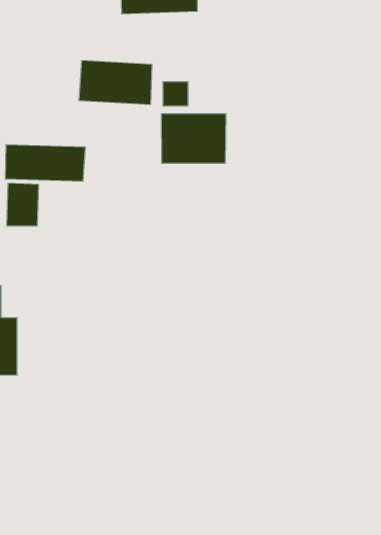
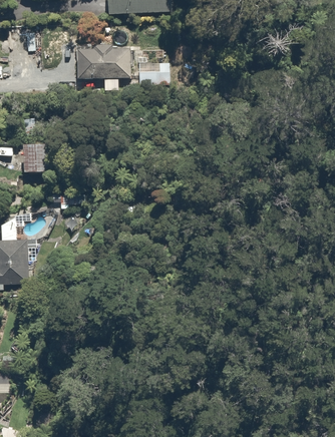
building: [162,114,226,164] -> none
building: [5,144,85,182] -> none

